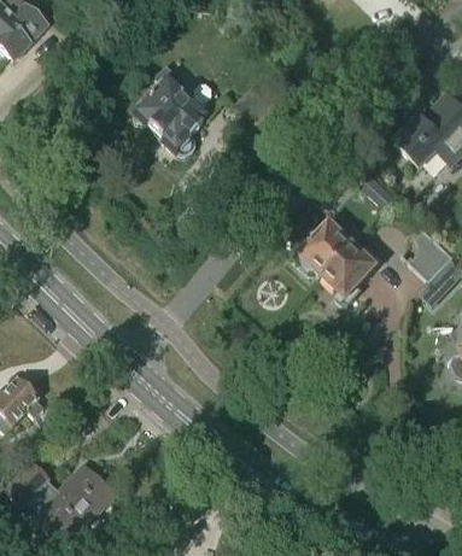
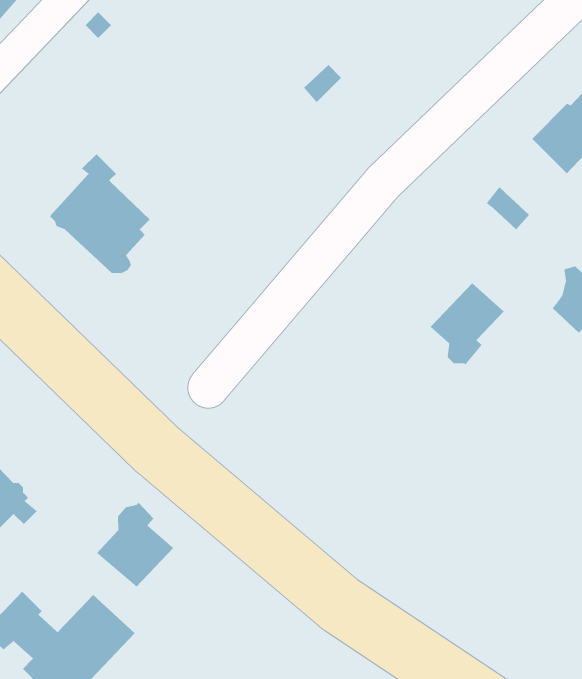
building: [133,66,205,152] -> [49,153,151,274]
building: [300,221,353,275] -> none
building: none -> [96,502,174,588]

